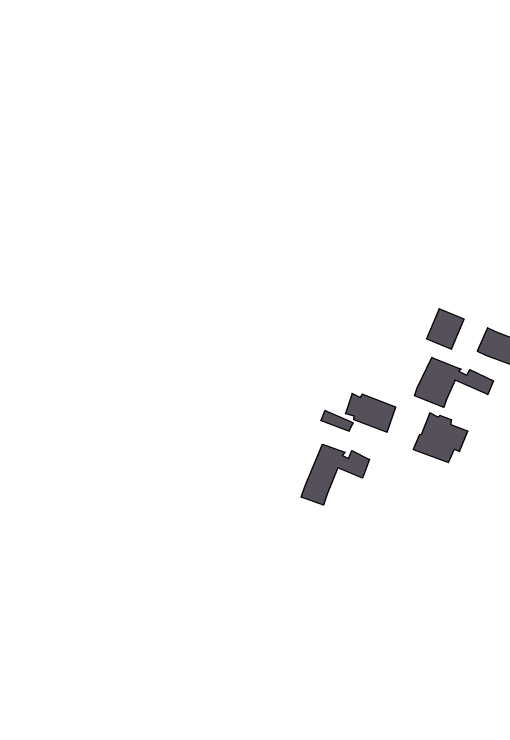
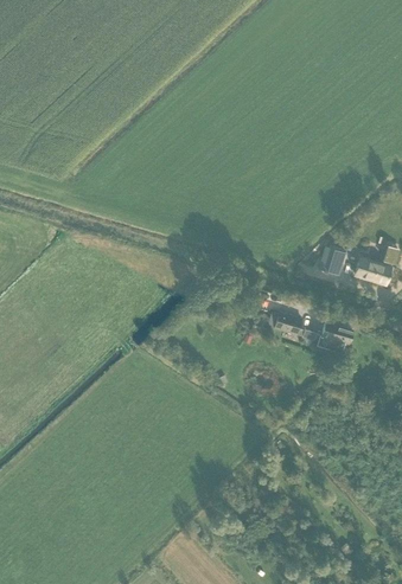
building: [414,357,493,407] -> none
building: [301,444,370,505] -> none

